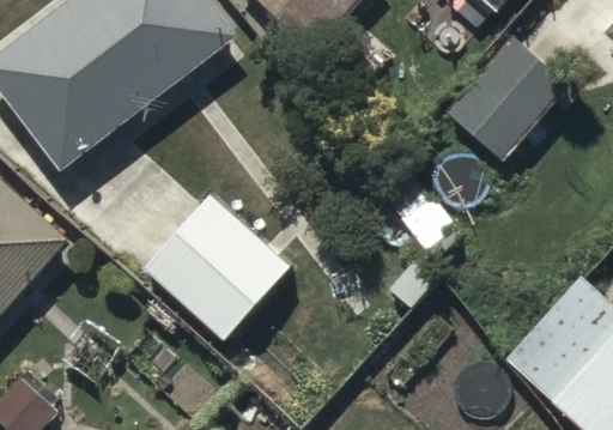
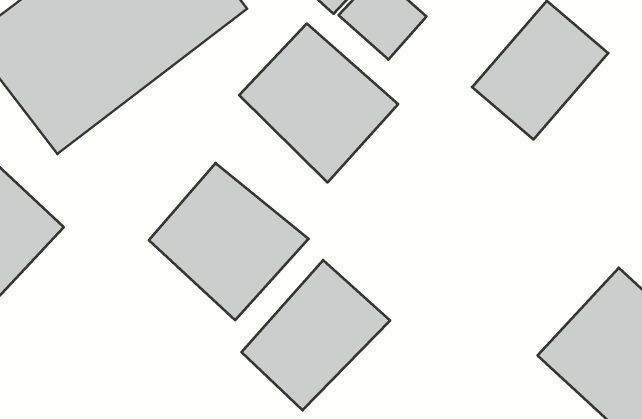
building: none -> [239,24,398,182]
building: none -> [242,260,390,410]

